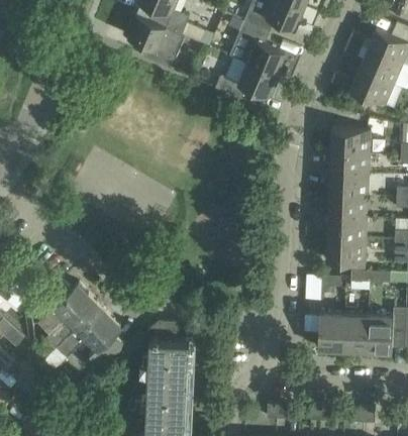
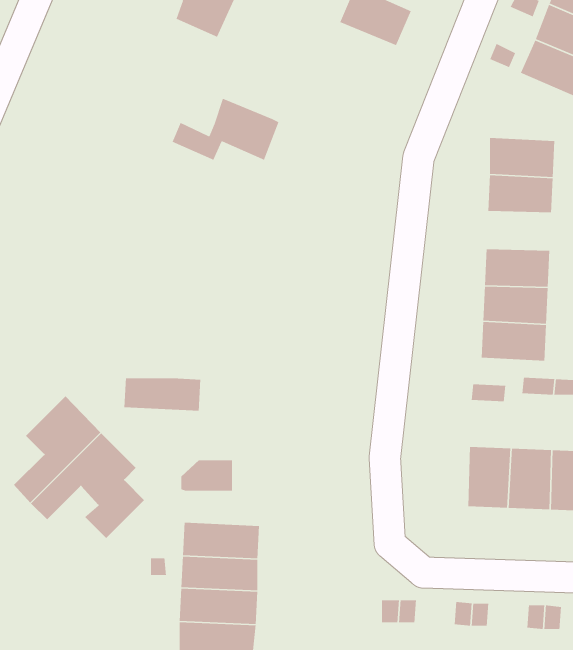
building: [215,60,280,99] -> [172,95,280,161]
building: [329,173,369,196] -> none
building: [148,340,195,360] -> [124,378,201,411]

